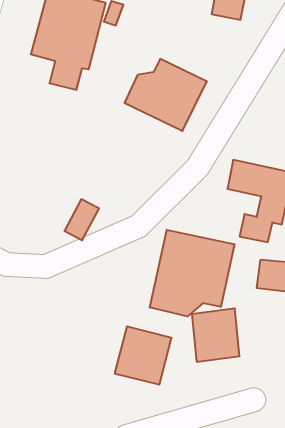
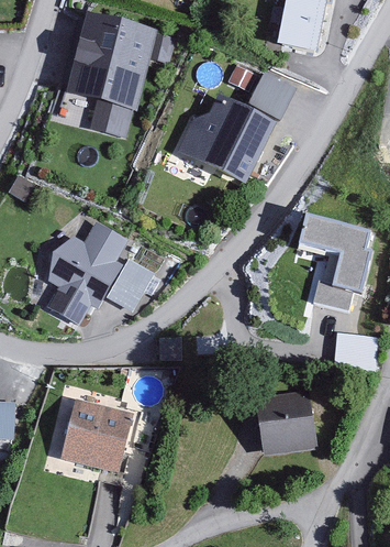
building: none -> [247,72,291,117]
building: none -> [47,221,126,324]
building: [150,230,235,316] -> none
building: [115,327,172,385] -> [64,402,131,470]

